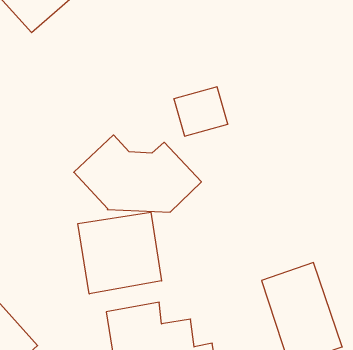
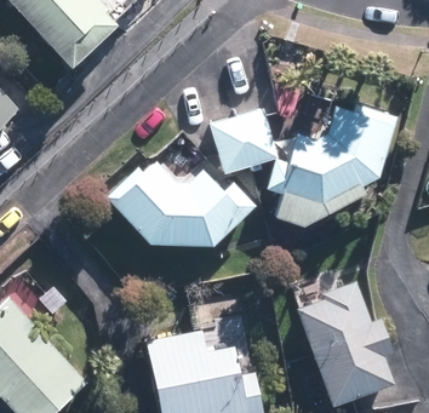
building: none -> [286,114,390,200]
building: [78,212,162,294] -> none

